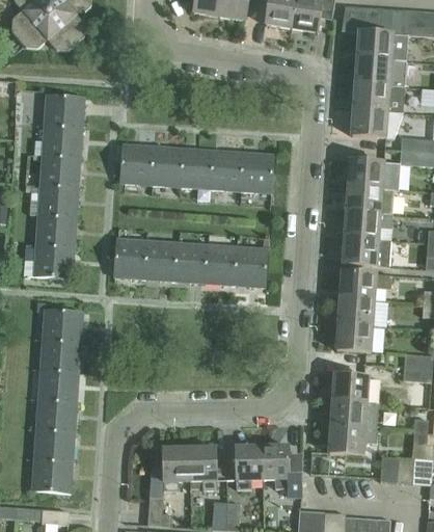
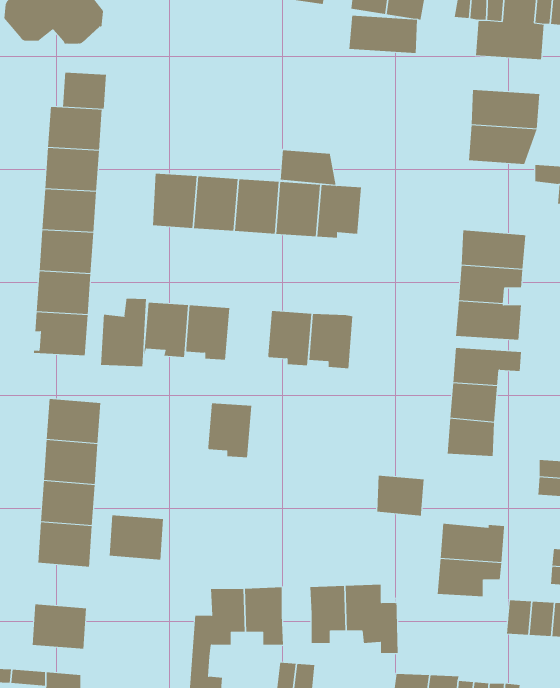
building: [354,57,405,85] -> [349,15,418,54]
building: none -> [63,72,106,109]
building: none -> [280,149,336,186]
building: [347,159,400,189] -> none
building: none -> [100,298,147,367]
building: [173,242,207,283] -> [207,403,252,458]
building: [332,373,368,403] -> [376,475,425,516]
building: [33,429,74,462] -> [109,515,164,560]

